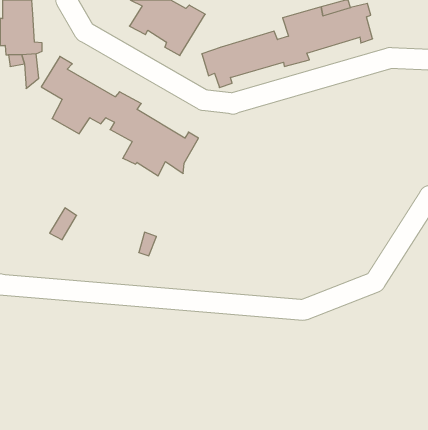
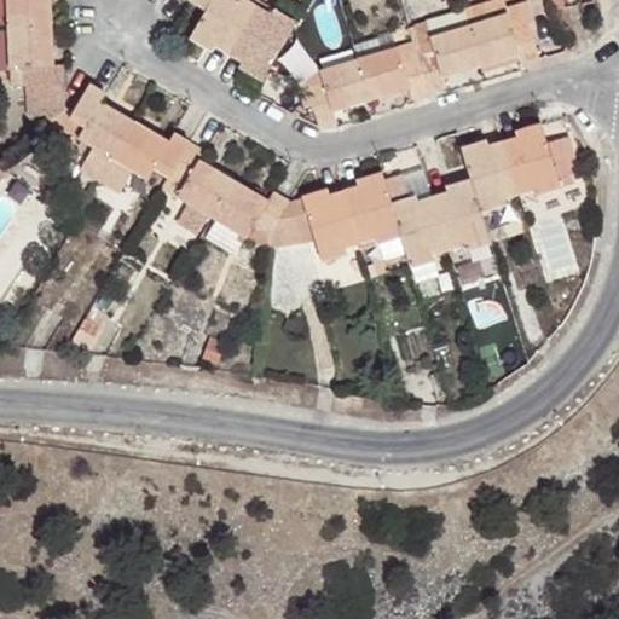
building: none -> [266,121,580,266]

